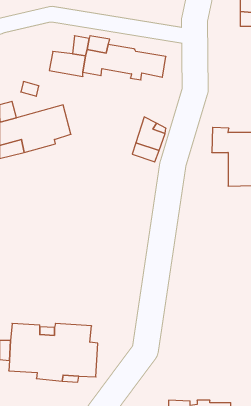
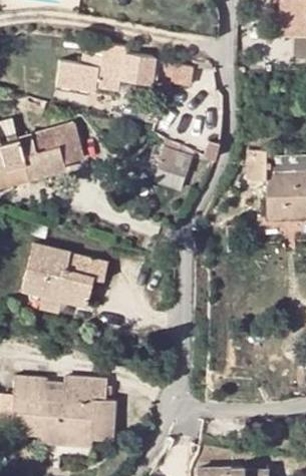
building: none -> [22,246,107,306]

